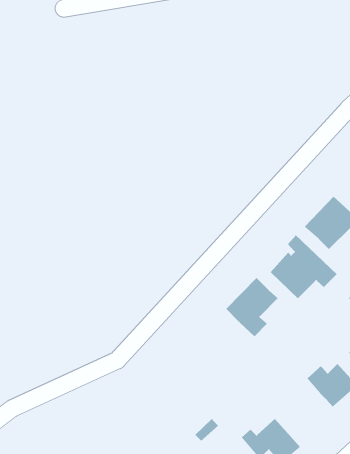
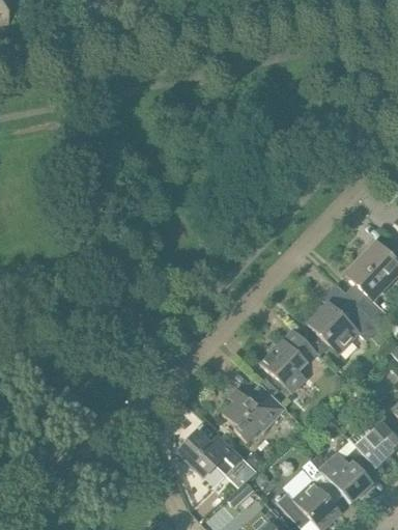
building: none -> [222,382,286,441]
building: none -> [176,429,243,476]
building: none -> [319,450,372,502]

